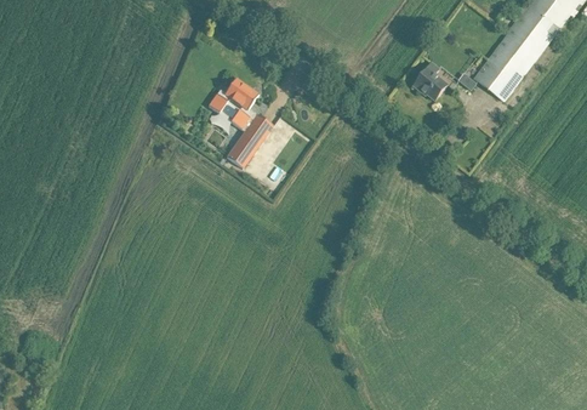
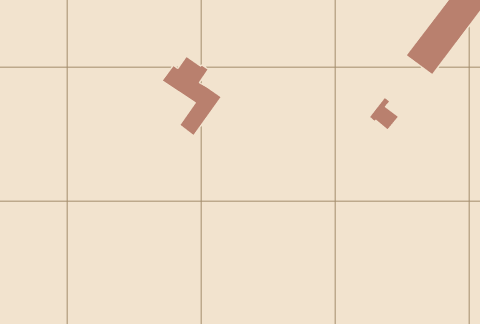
building: [414,63,446,99] -> [369,97,399,130]

